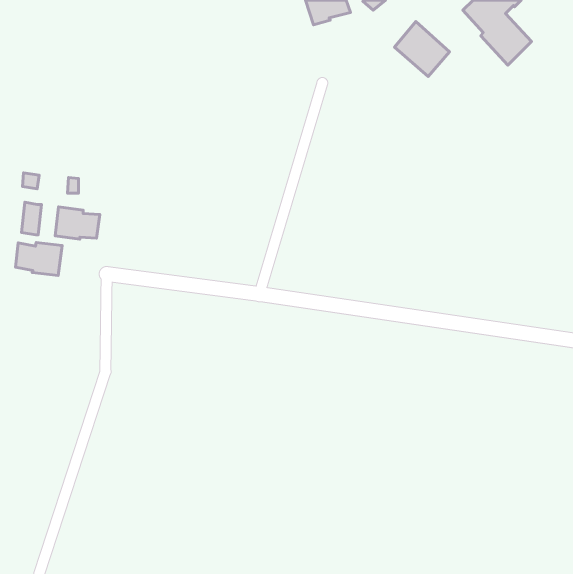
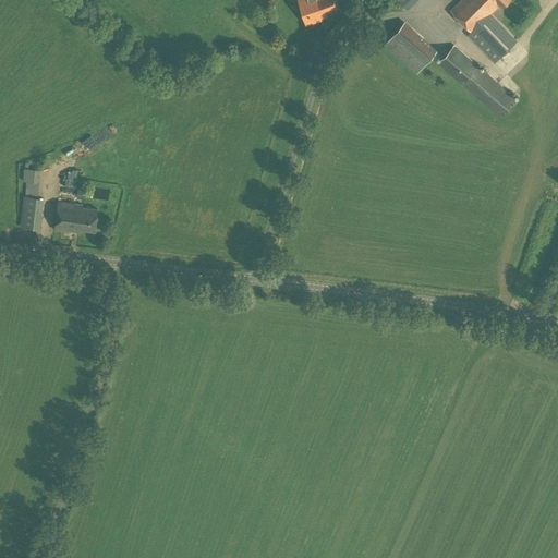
building: none -> [436,45,515,118]
building: [16,243,62,275] -> none

